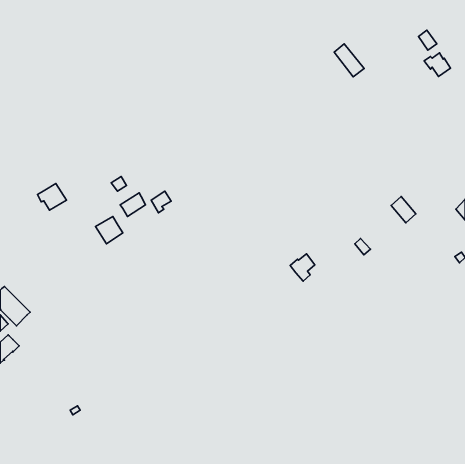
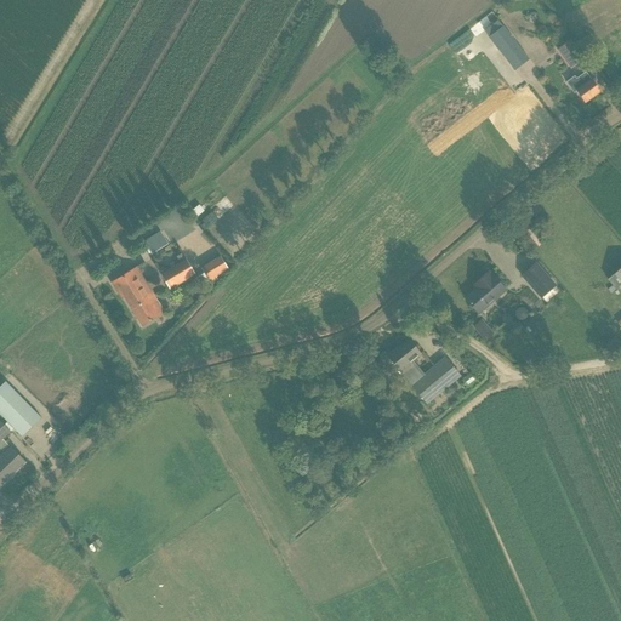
building: [334,44,364,77] -> [489,25,529,69]
building: [38,184,67,210] -> [112,267,150,302]
building: none -> [466,272,506,312]
building: none -> [411,357,460,403]

